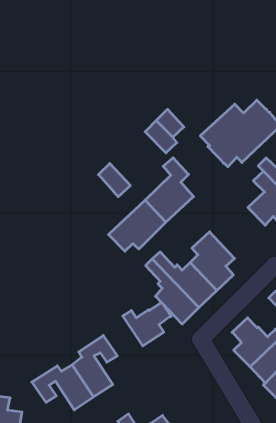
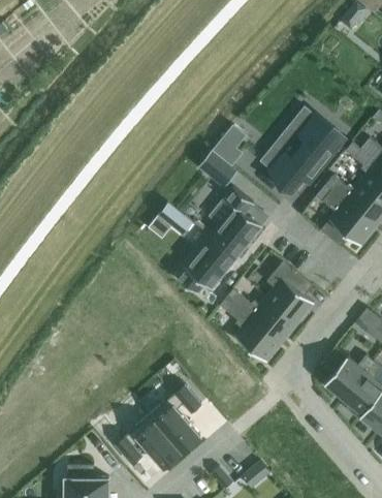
building: [123,302,171,346] -> none

